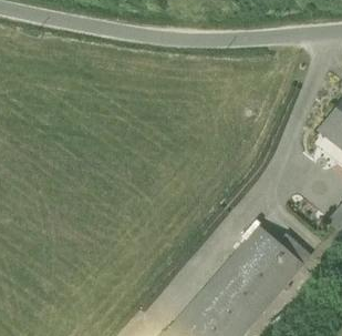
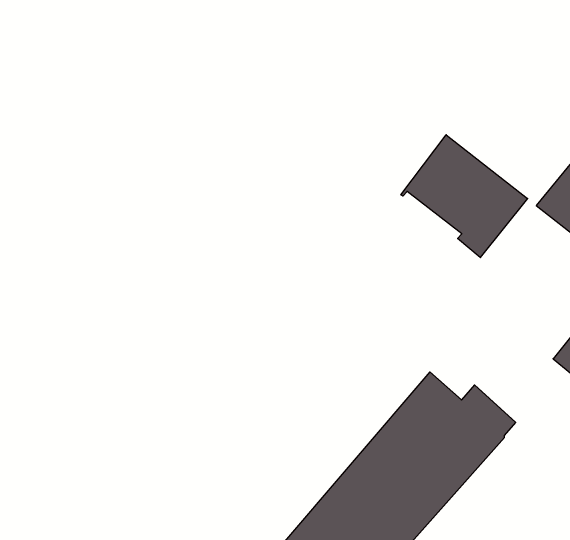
building: none -> [401,135,528,258]

